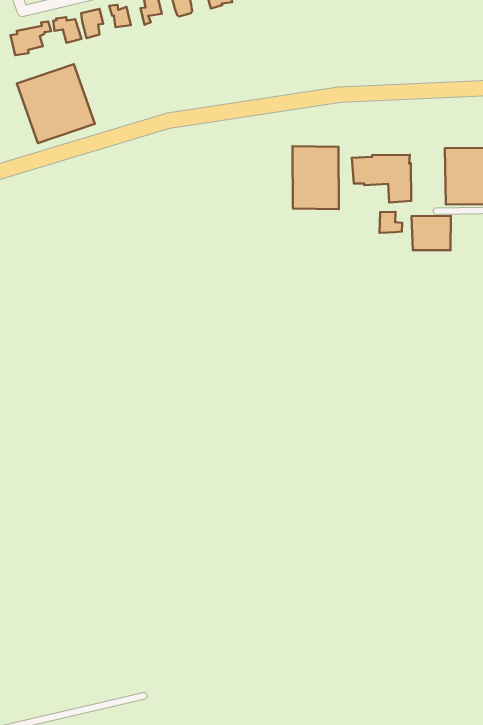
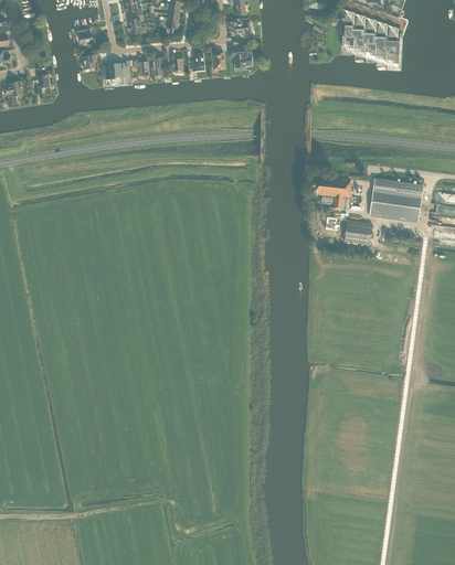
building: [17,64,95,143] -> none
building: [292,146,339,209] -> none

